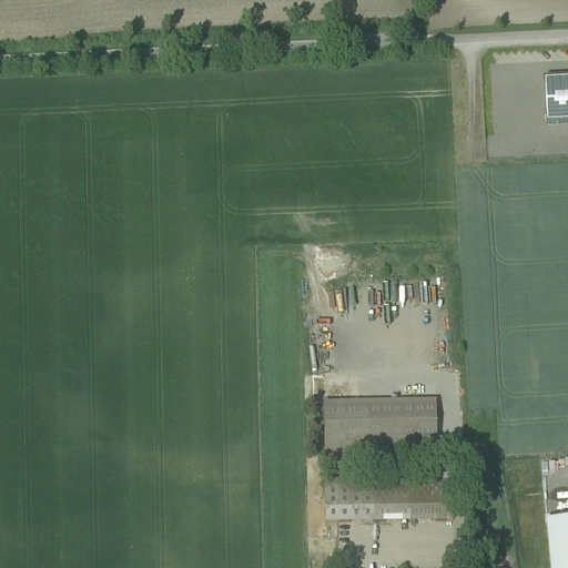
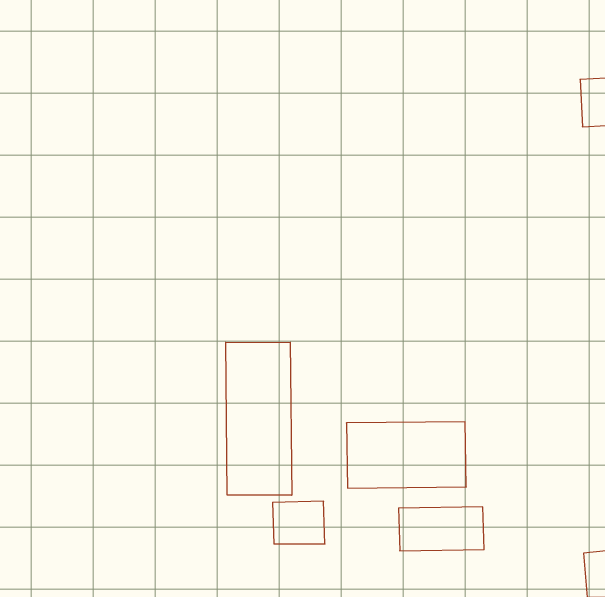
building: none -> [226,342,292,495]
building: [326,476,375,516] -> [273,501,325,544]

